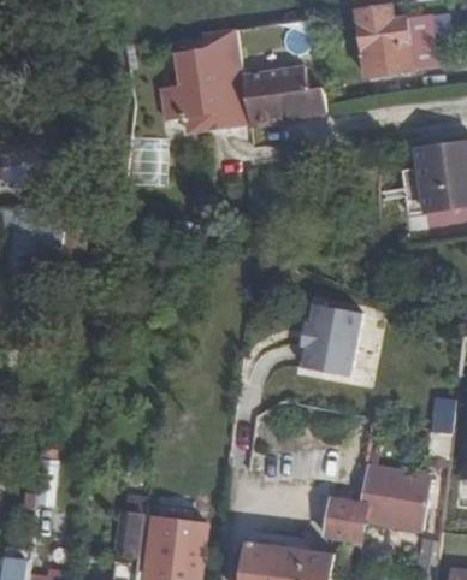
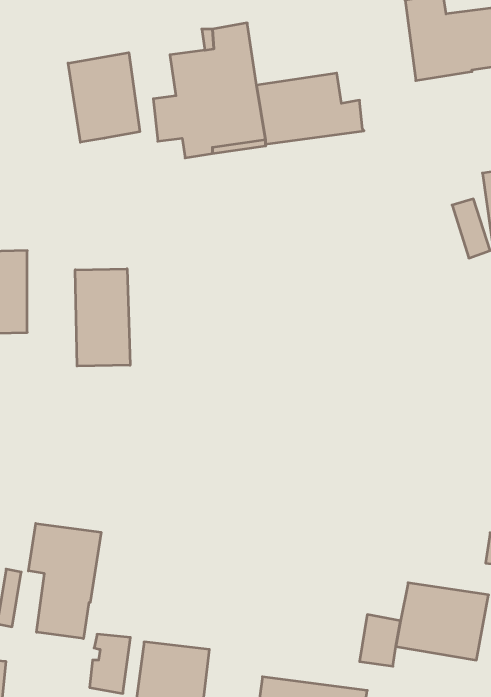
building: none -> [68,53,140,142]
building: none -> [75,269,130,366]
building: [301,303,363,377] -> none
building: none -> [28,523,101,639]

